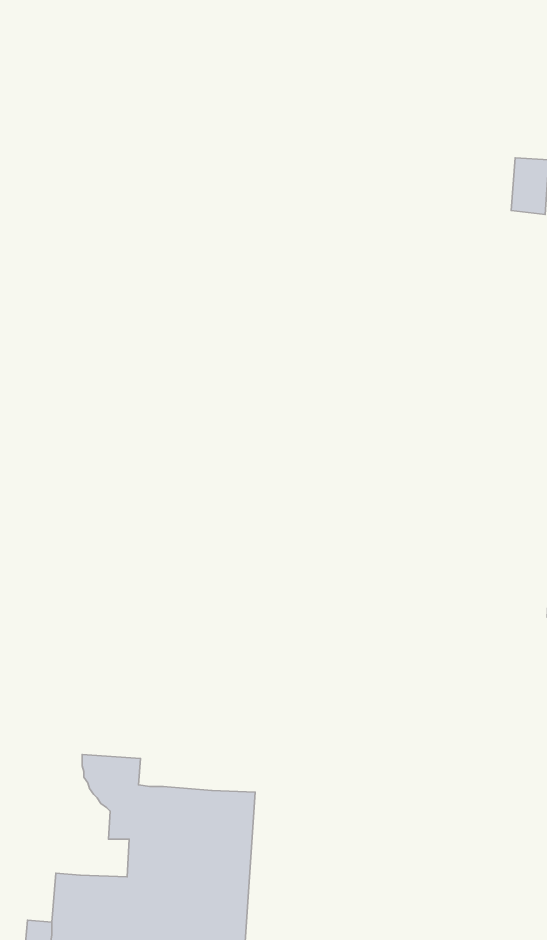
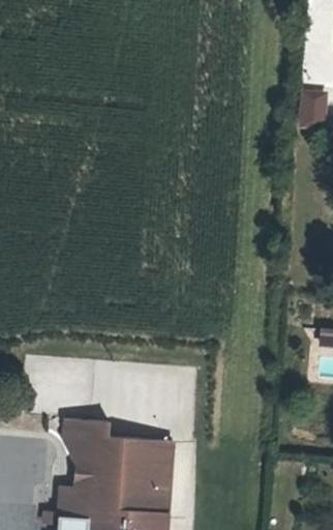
building: none -> [63,419,99,488]

